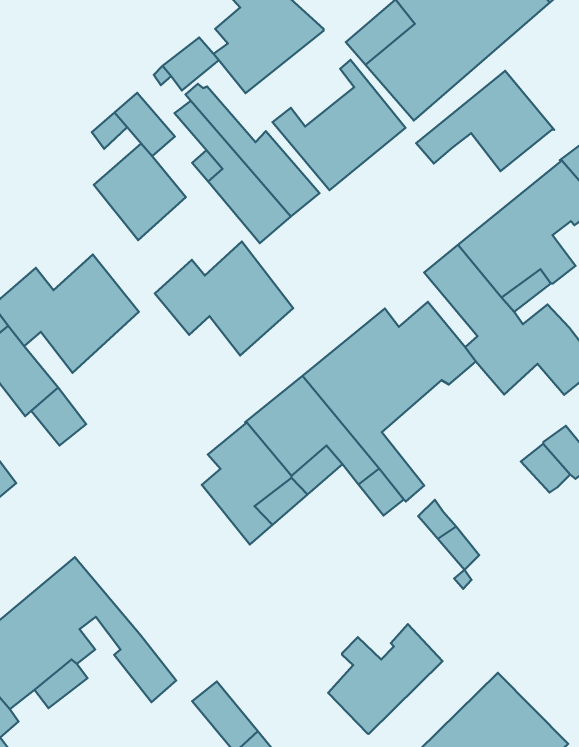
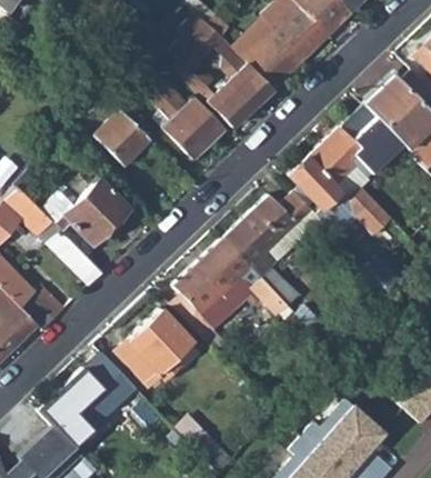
building: [416,71,554,171] -> none
building: [155,242,293,355] -> none
building: none -> [117,309,191,382]
building: [328,624,442,734] -> none

